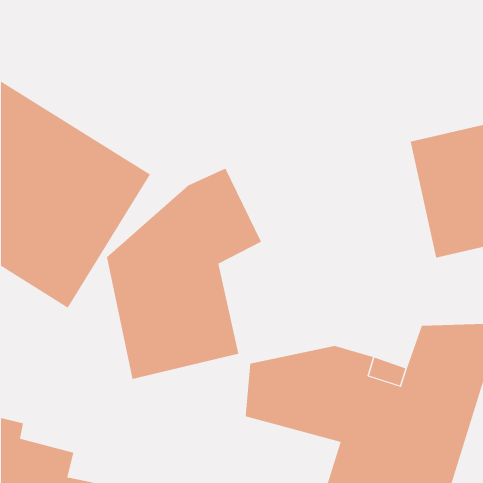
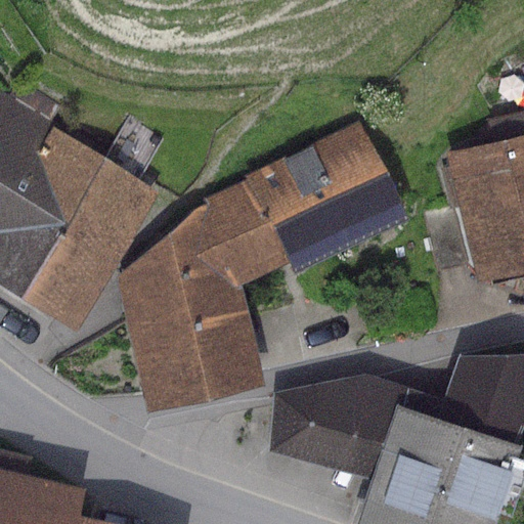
building: none -> [244,123,404,275]

